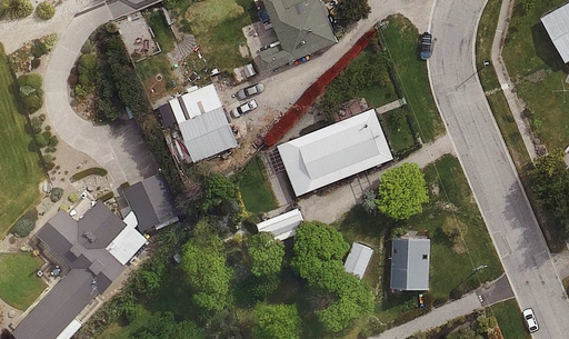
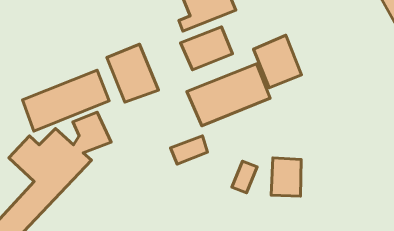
building: none -> [181,27,233,70]
building: none -> [254,35,301,88]
building: none -> [22,70,109,131]

